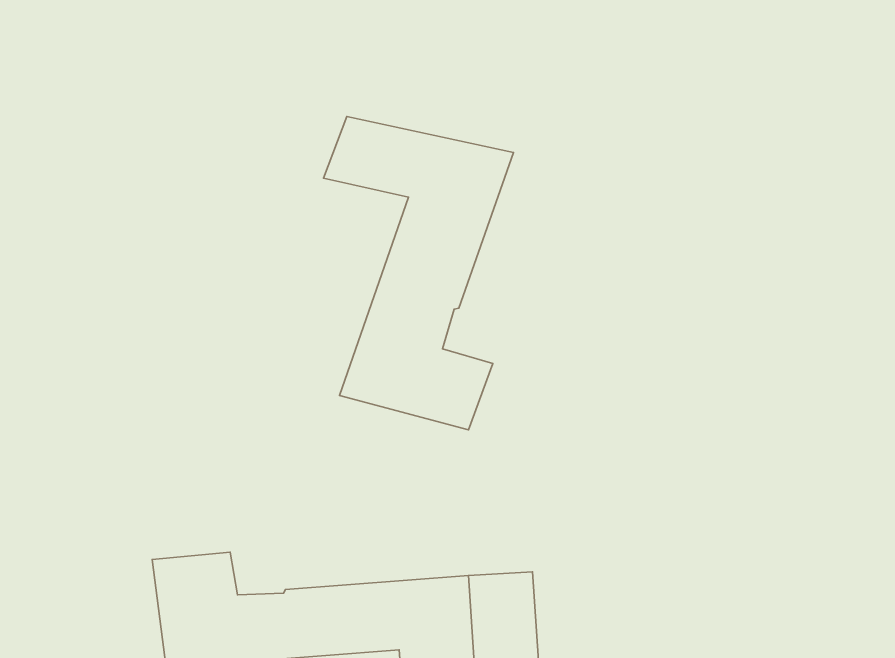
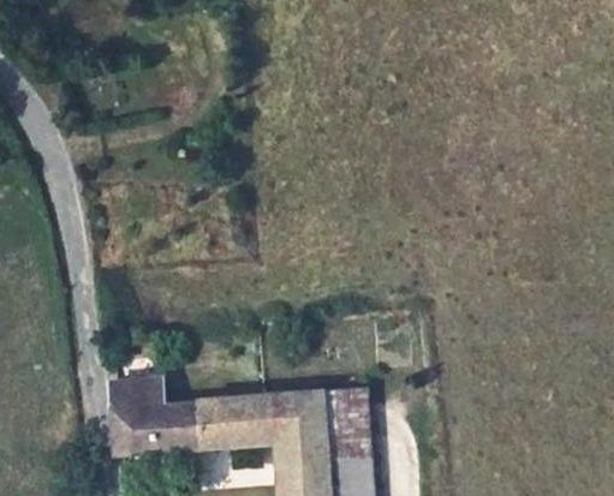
building: [323,116,513,430] -> none

